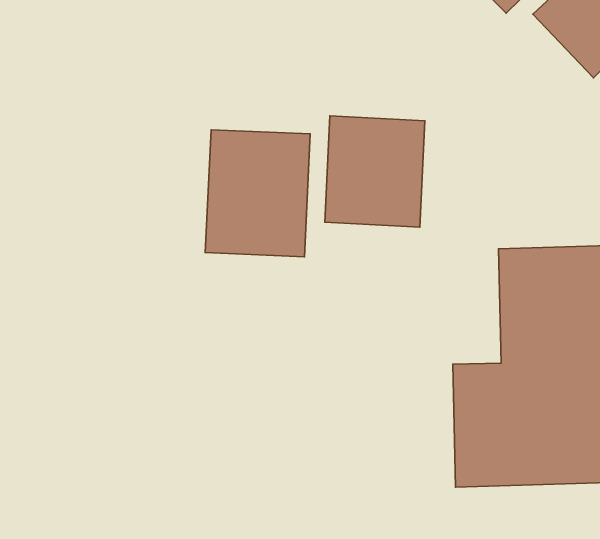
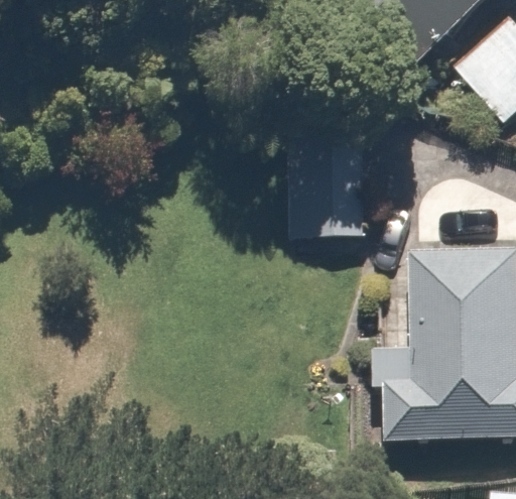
building: [205,130,310,257] -> none

